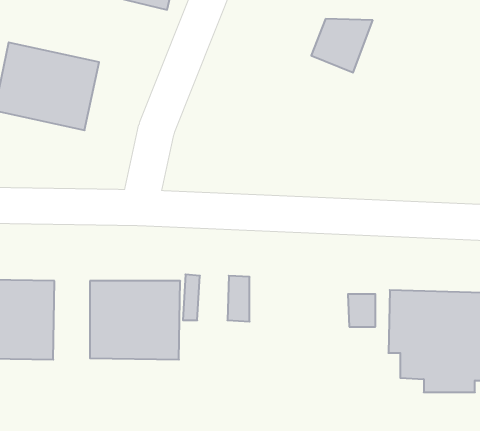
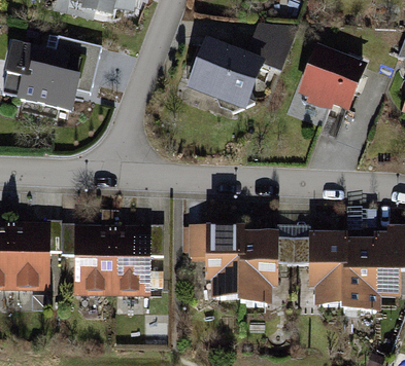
building: none -> [191,40,259,105]
building: none -> [300,47,363,112]
building: none -> [206,231,277,305]

